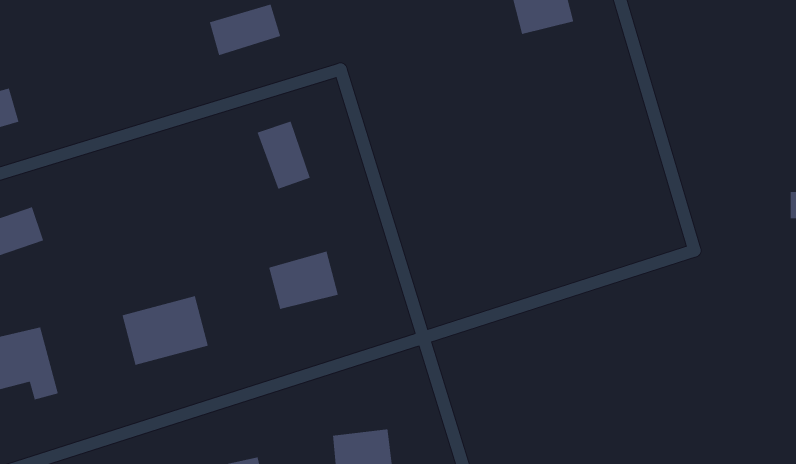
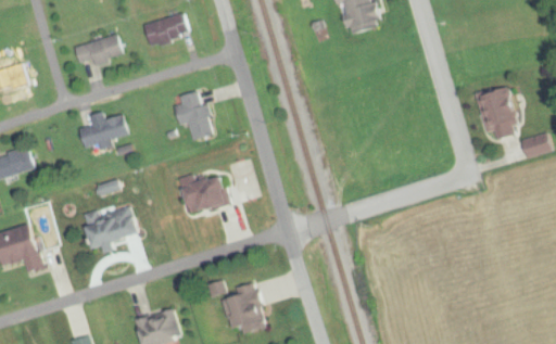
building: none -> [74,34,122,64]
building: none -> [473,87,517,140]
building: none -> [78,114,127,148]

